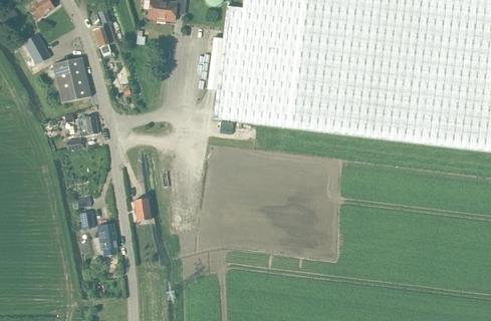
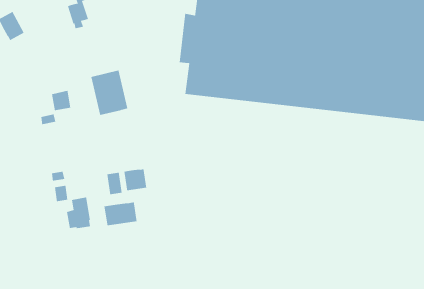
building: [53,56,91,102] -> [91,70,128,115]
building: none -> [124,168,147,191]
building: none -> [104,202,137,226]

